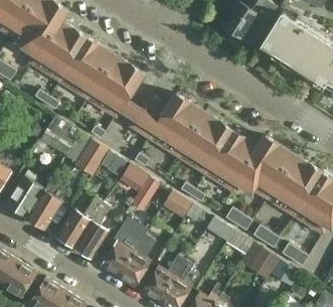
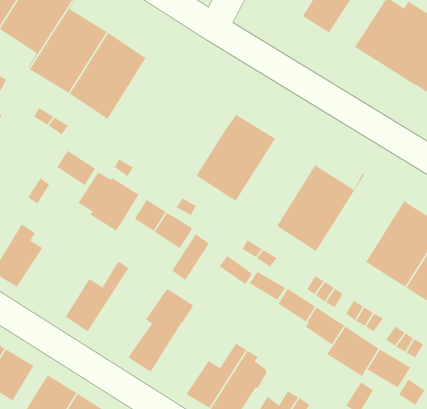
building: [88,55,143,117] -> none
building: [132,98,168,138] -> none
building: [177,112,232,173] -> none
building: [233,137,295,198] -> none
building: [27,180,67,228] -> none
building: [73,191,119,258] -> none
building: [118,234,156,286] -> none

